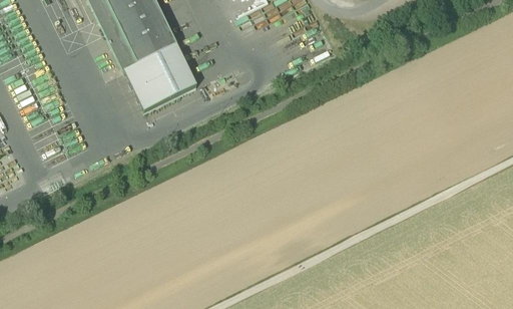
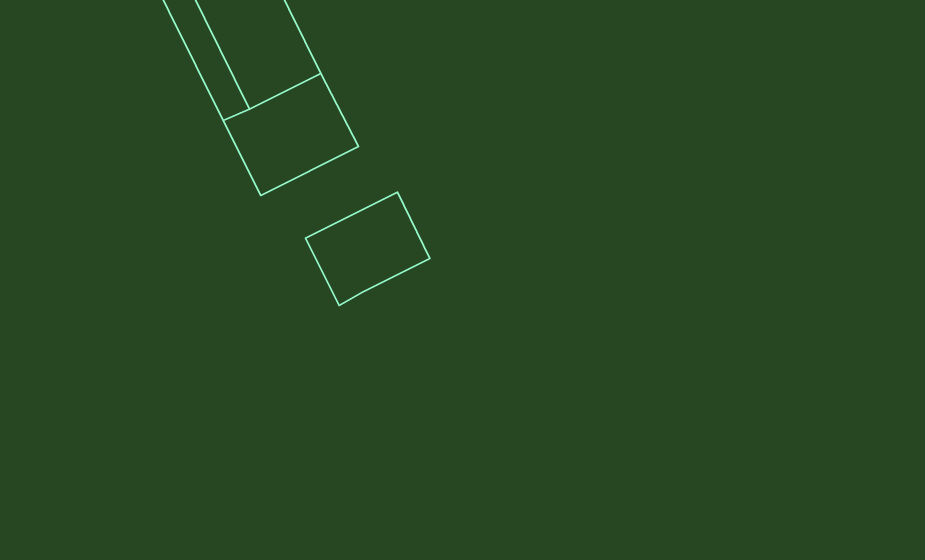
building: none -> [305,192,430,305]

